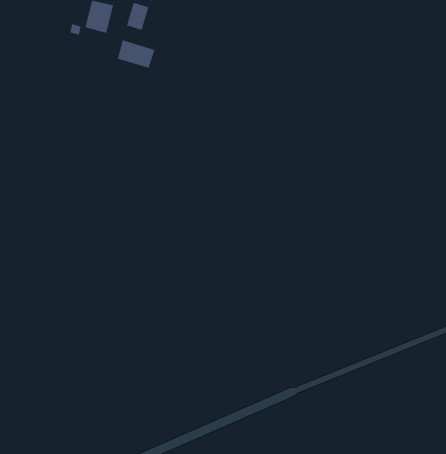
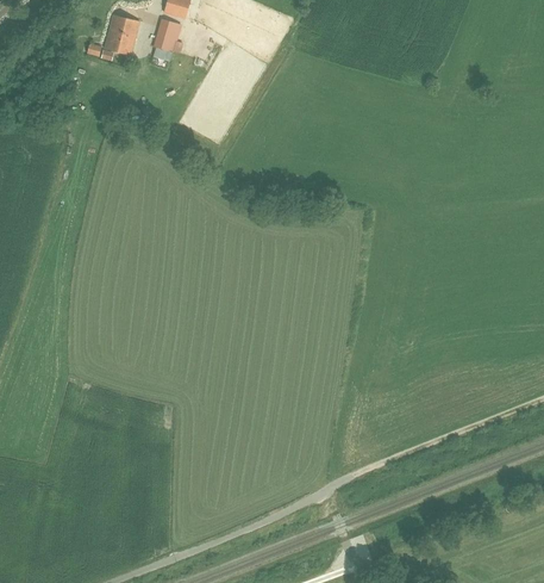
building: [117,40,155,69] -> none

